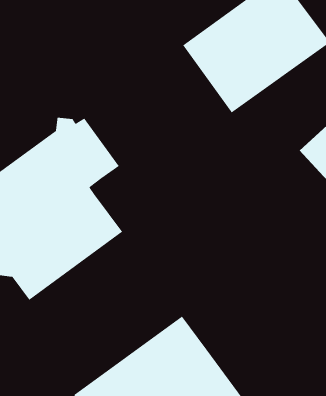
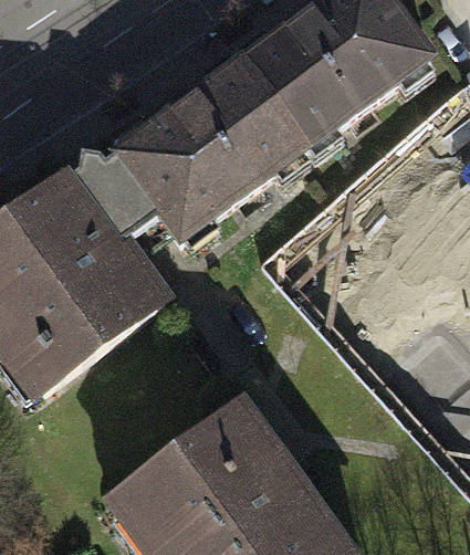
building: none -> [117,60,305,240]

